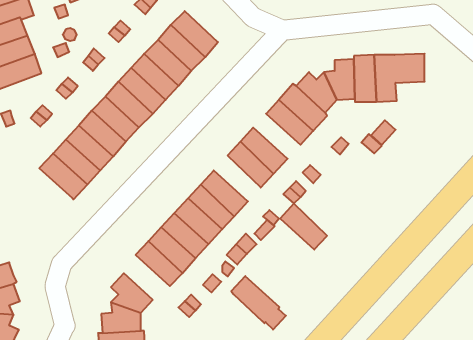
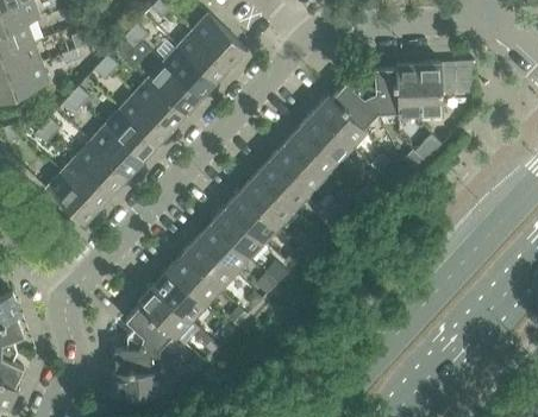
building: none -> [283,129,336,179]
building: [280,204,327,250] -> [239,176,292,227]
building: [231,276,286,330] -> [137,286,198,346]

